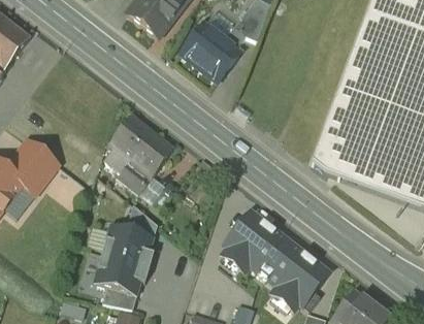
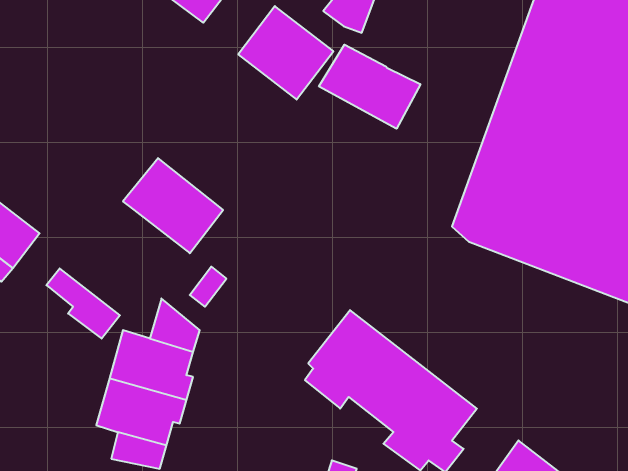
building: none -> [319,45,420,129]
building: [106,147,152,190] -> [46,268,120,339]

